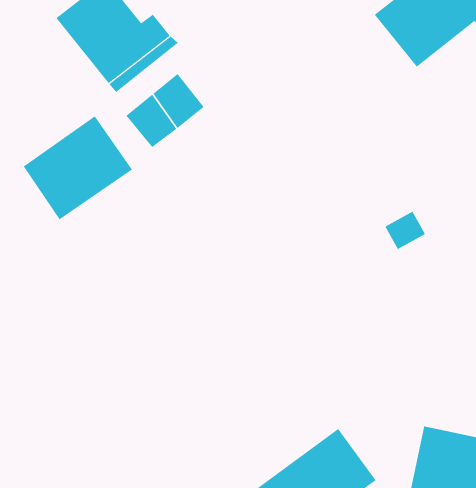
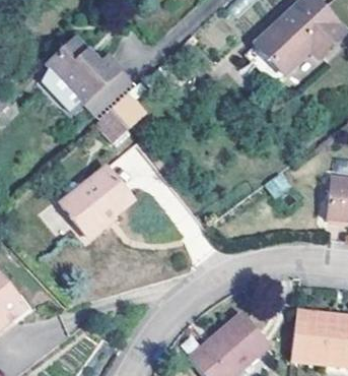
building: [23,116,133,220] -> [63,167,133,235]

